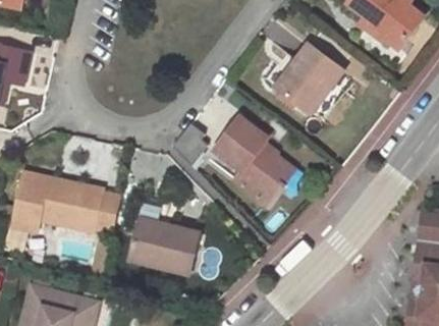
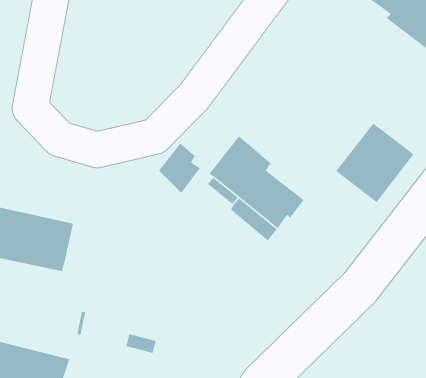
building: [277,44,343,111] -> [335,122,415,203]
building: [130,219,200,273] -> none

